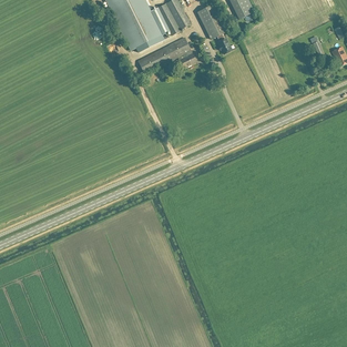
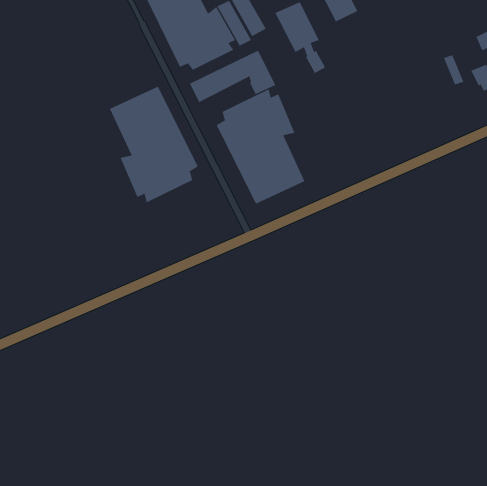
building: none -> [109,86,199,203]
building: none -> [216,88,305,205]

